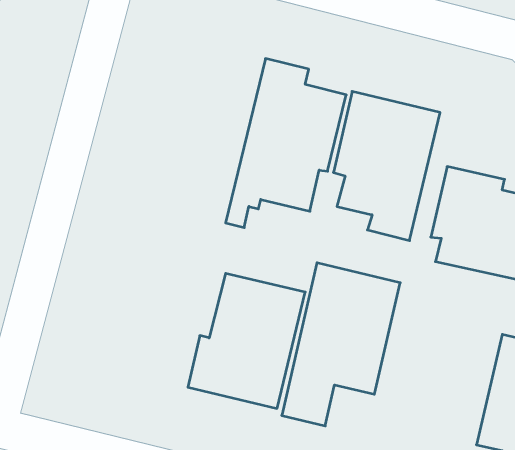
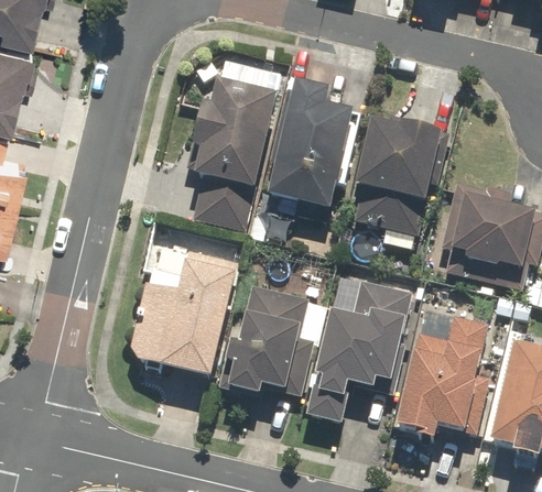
building: none -> [182,77,280,230]
building: none -> [128,247,240,380]
building: none -> [392,307,494,440]

